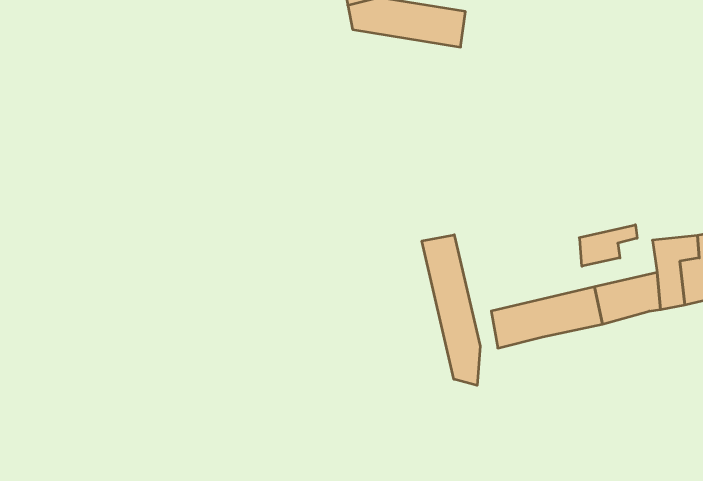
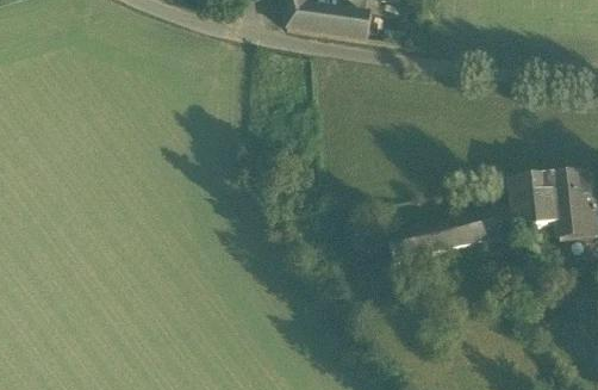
building: [579,225,637,266] -> none
building: [422,235,480,385] -> none

